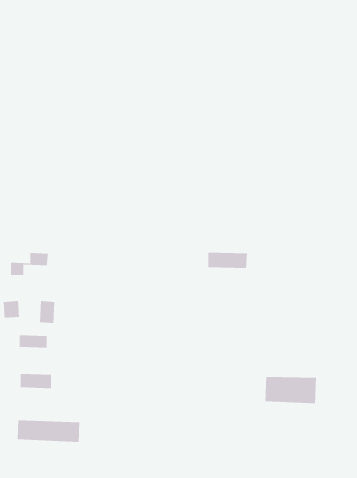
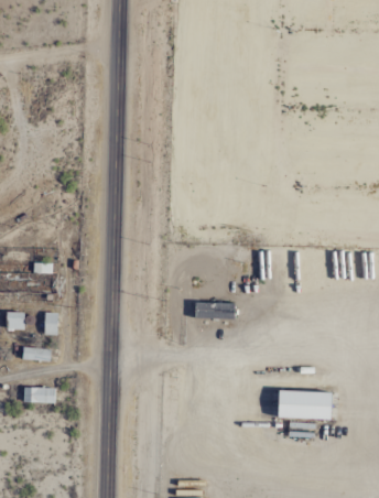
building: [207,252,248,269] -> [194,302,236,320]
building: [17,420,80,443] -> none

